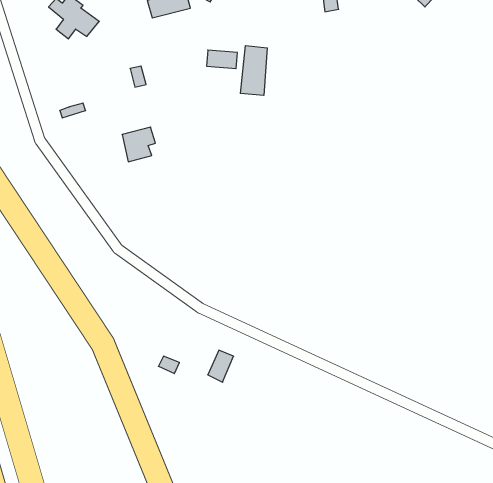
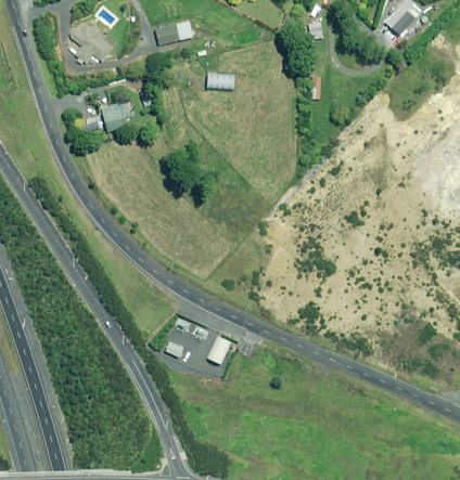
building: [240,46,267,95] -> none
building: [122,127,155,162] -> [101,100,130,130]

